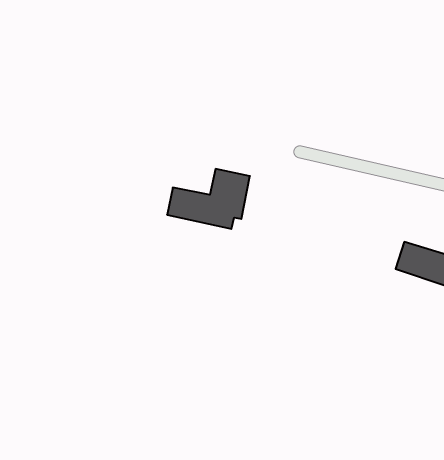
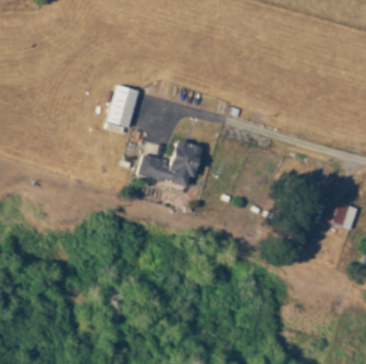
building: none -> [106,85,138,127]

